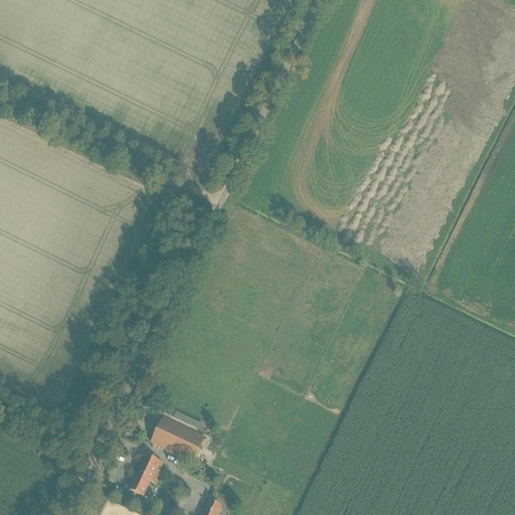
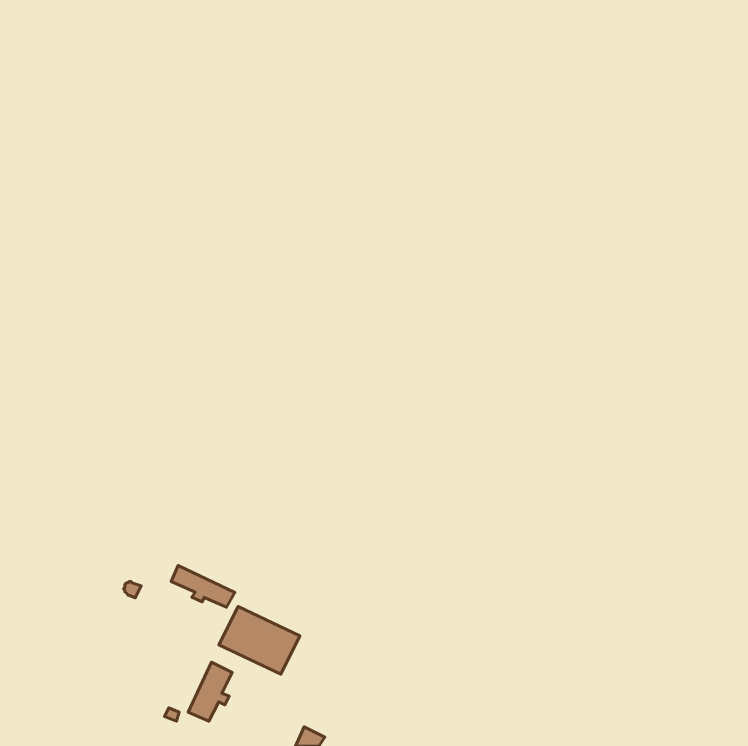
building: none -> [171,565,235,607]

